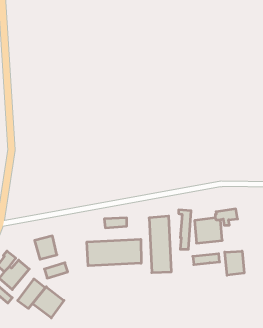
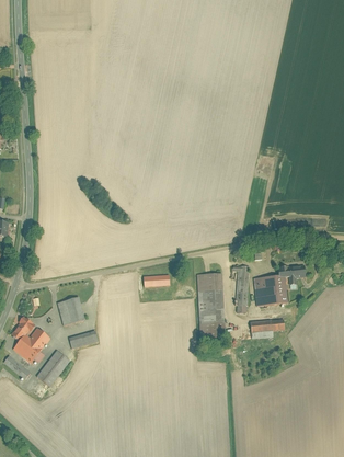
building: [87,239,141,266] -> none
building: [225,251,244,275] -> none
building: [32,287,64,318] -> none

